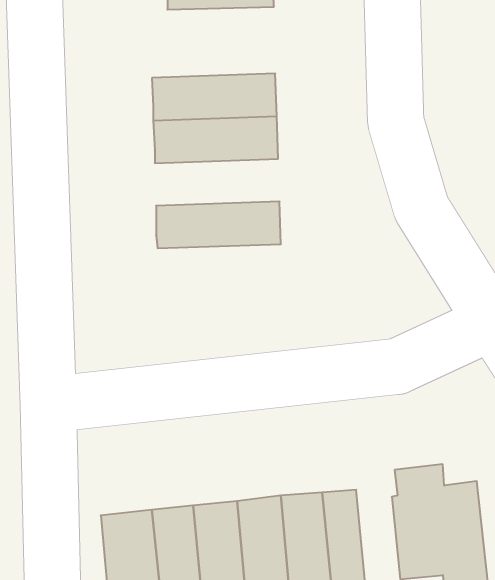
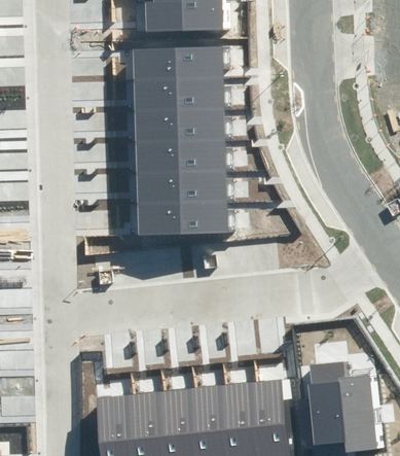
building: none -> [133,46,223,81]
building: none -> [136,140,226,174]
building: none -> [138,202,228,236]

